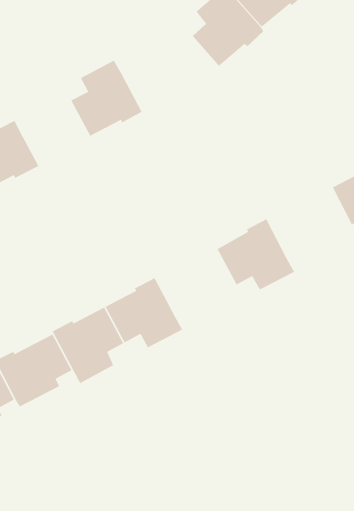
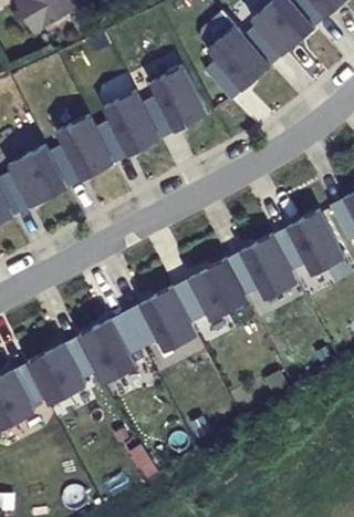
building: none -> [142,71,198,136]
building: none -> [49,115,114,185]
building: none -> [273,209,344,275]
building: none -> [173,258,248,322]

